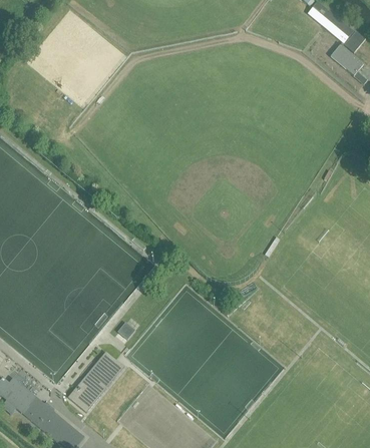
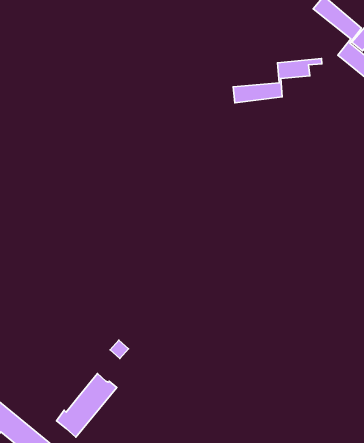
building: none -> [233,59,322,103]

